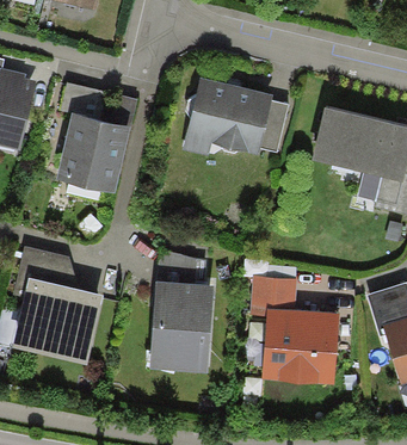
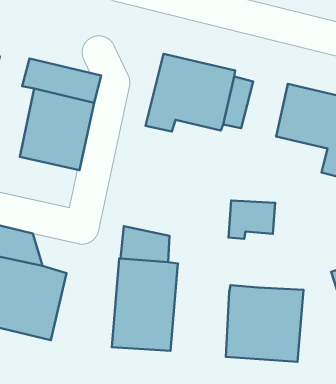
building: [249,277,296,315] -> [229,200,275,239]

